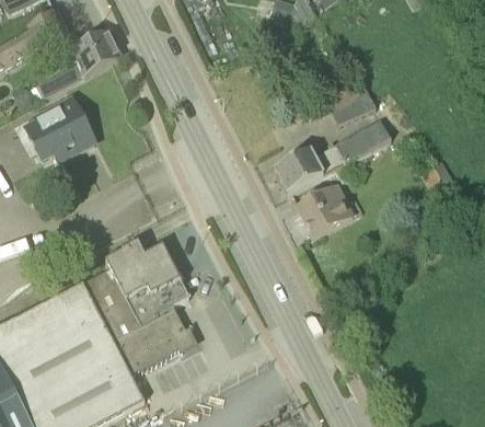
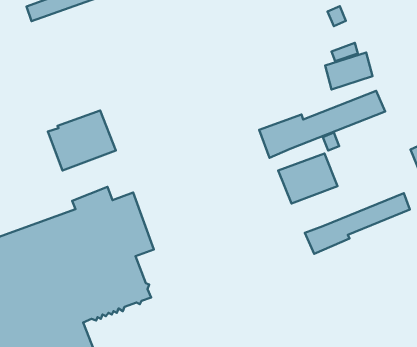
building: [24,99,91,160] -> [48,111,116,170]
building: none -> [305,193,410,254]

